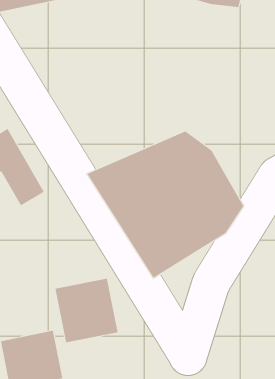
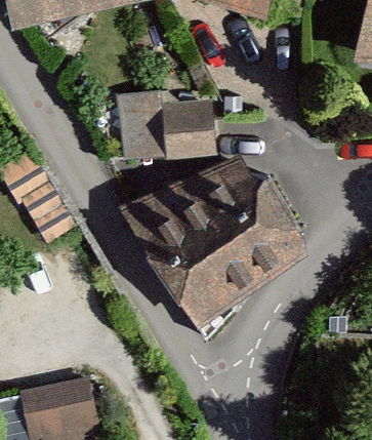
building: none -> [119,90,212,158]
building: [55,278,118,343] -> none

